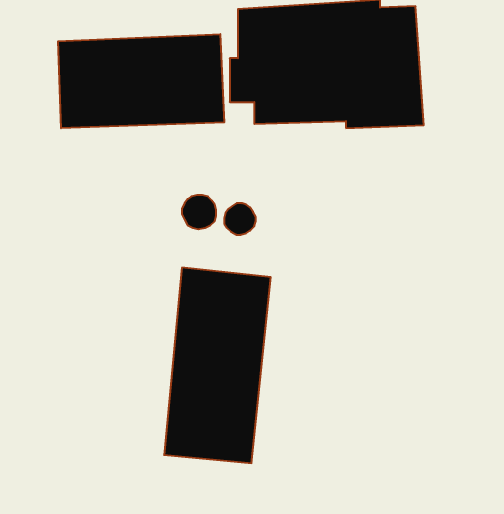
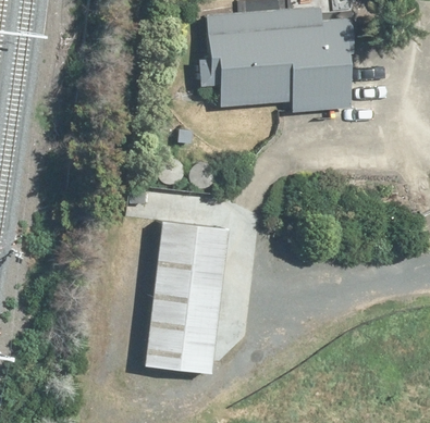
building: [58,34,224,128] -> none

